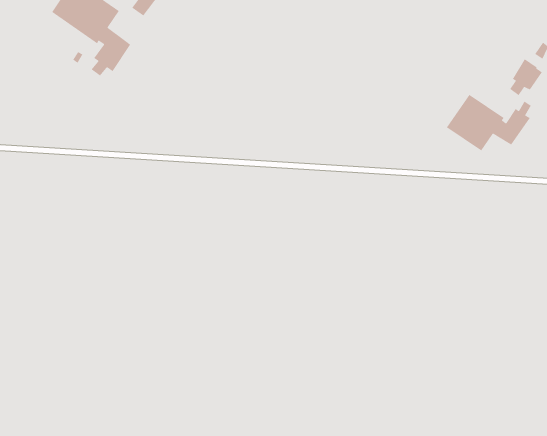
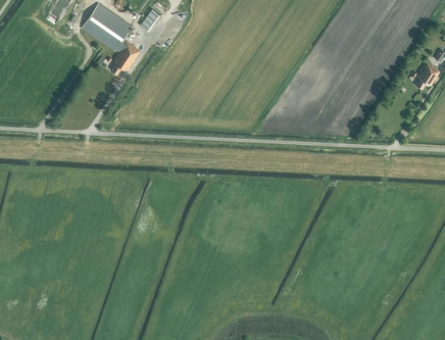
building: [446,94,532,151] -> none

